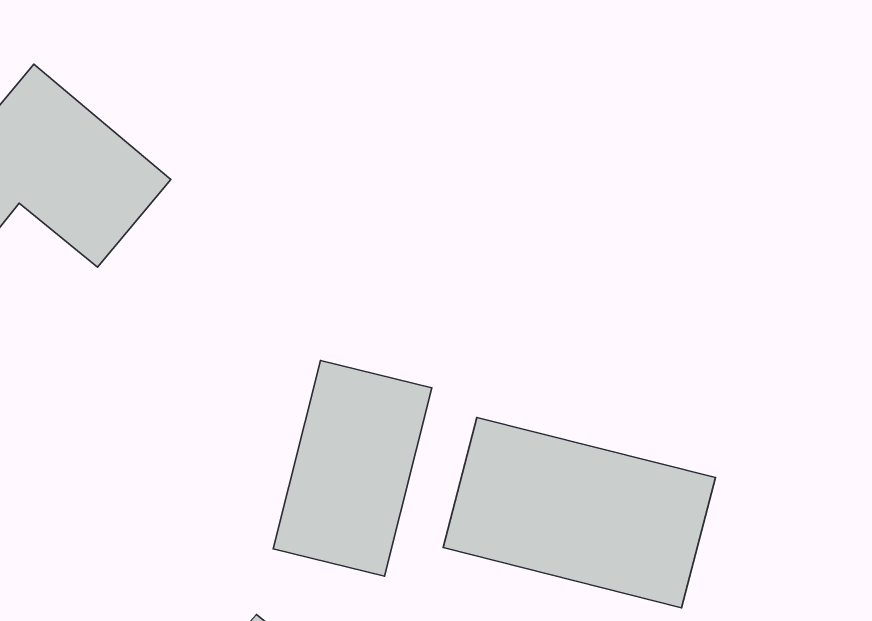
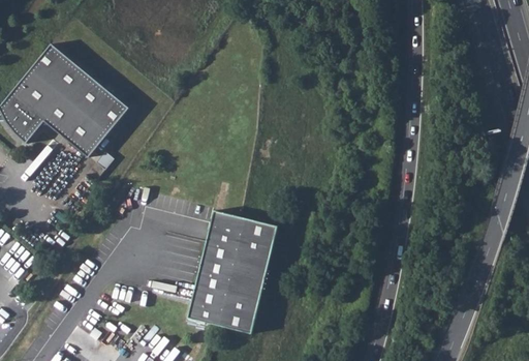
building: [443,417,715,608] -> none

